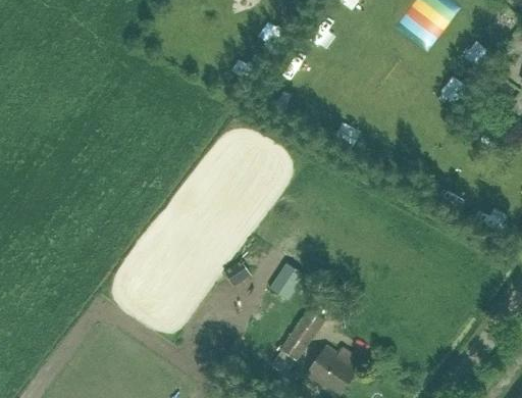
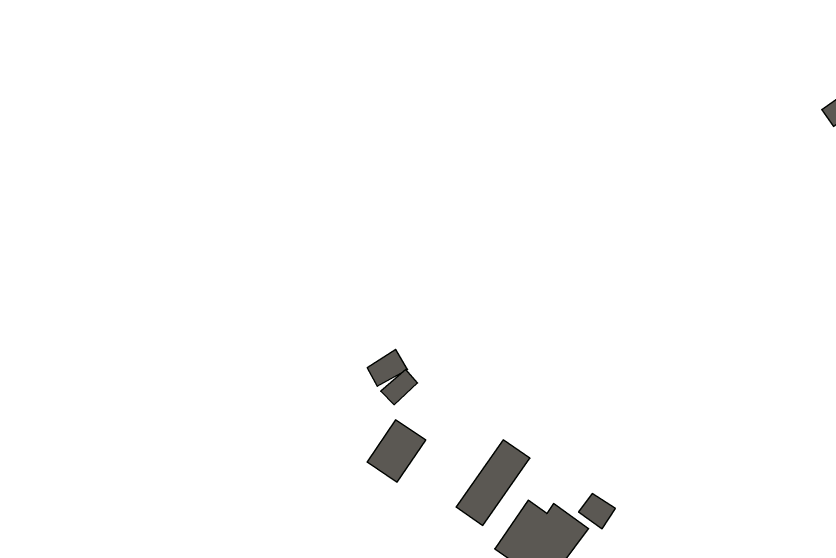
building: [269,261,305,299] -> [367,420,426,482]

